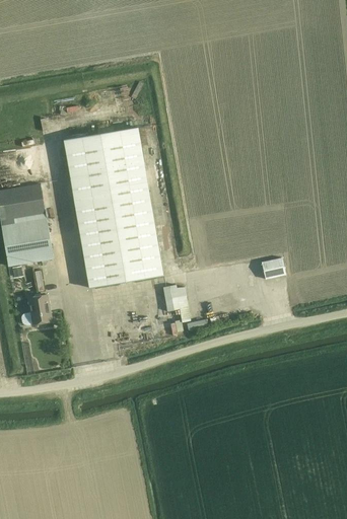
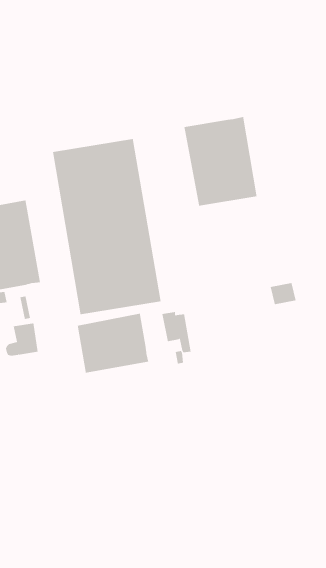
building: none -> [184,116,257,206]
building: none -> [77,313,149,373]

